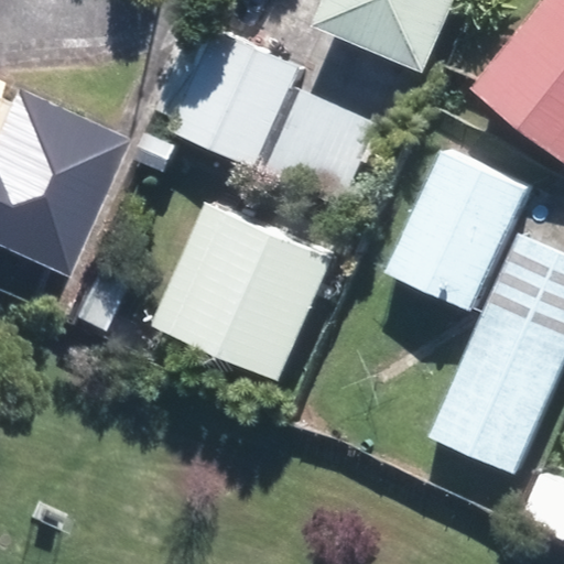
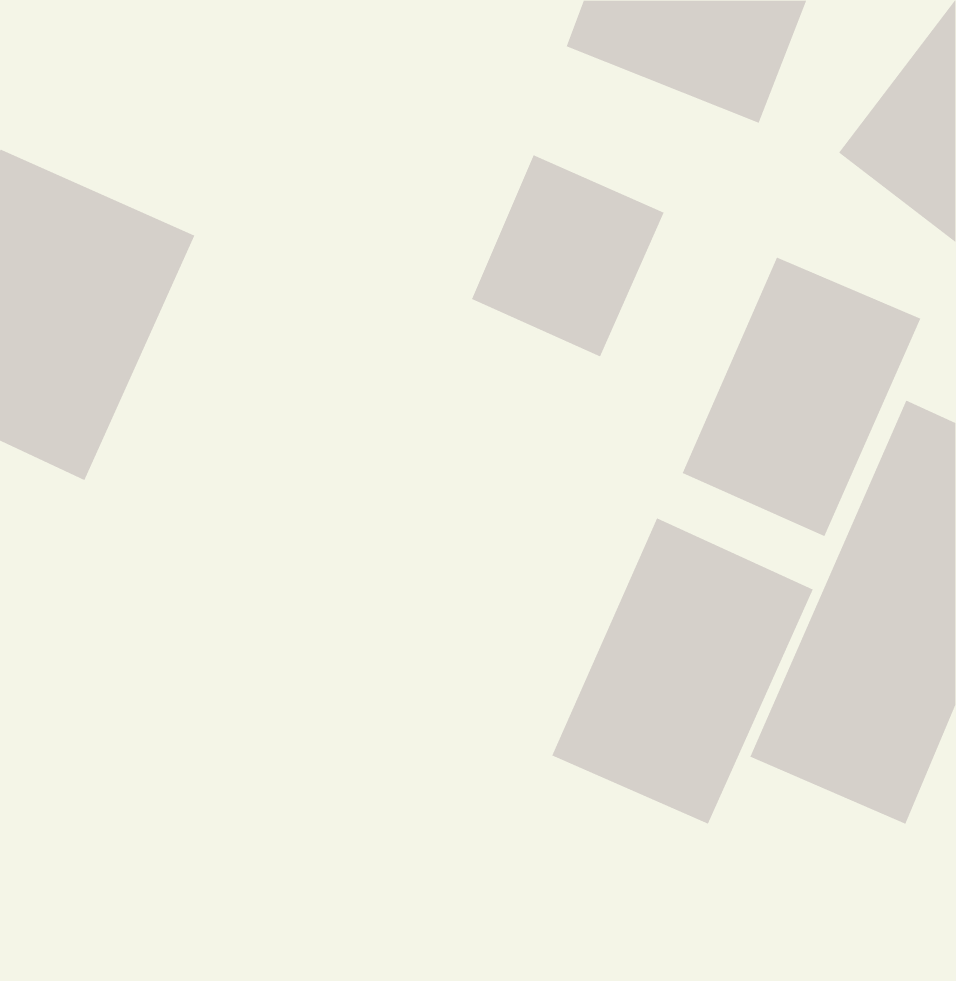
building: [173,29,303,167] -> none
building: [158,204,335,377] -> none
building: none -> [552,517,813,824]

